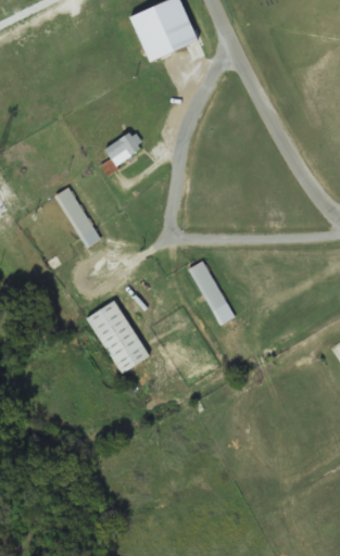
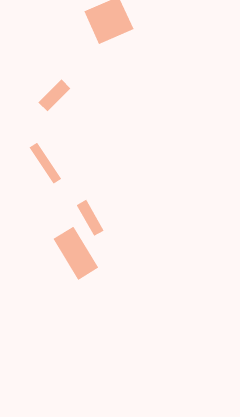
building: [98,129,142,174] -> [38,78,71,112]
building: [189,261,227,311] -> [76,199,104,237]

